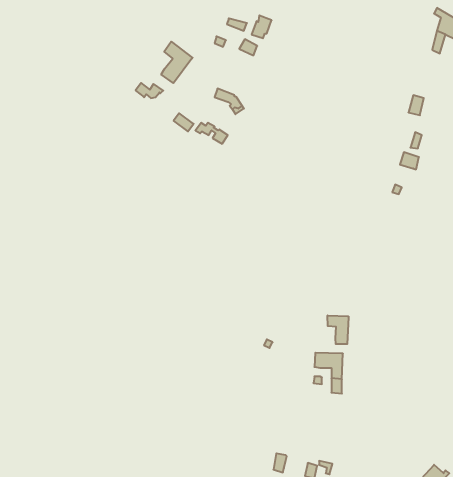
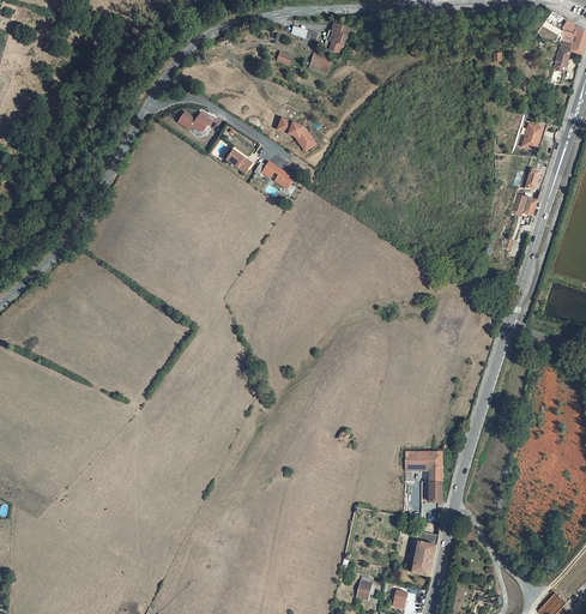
building: [161,42,193,83] -> none
building: [328,315,348,344] -> none
building: none -> [410,530,436,578]

